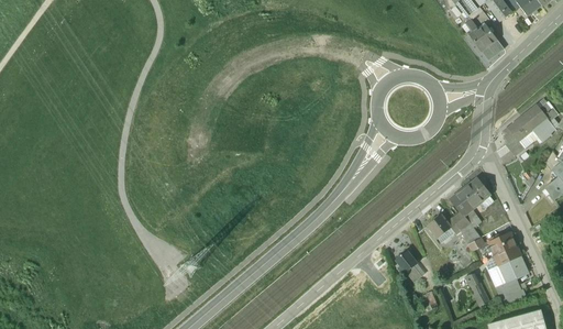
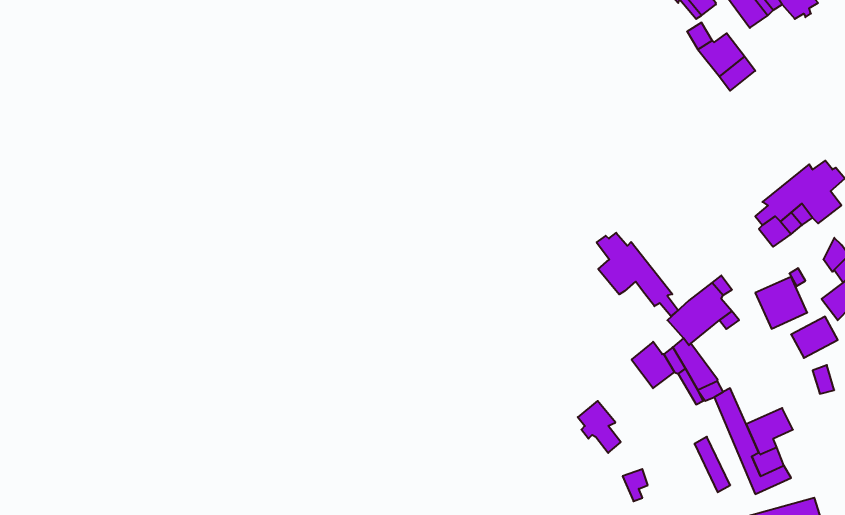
building: none -> [597,233,678,316]
building: [488,231,520,263] -> [755,277,807,329]

